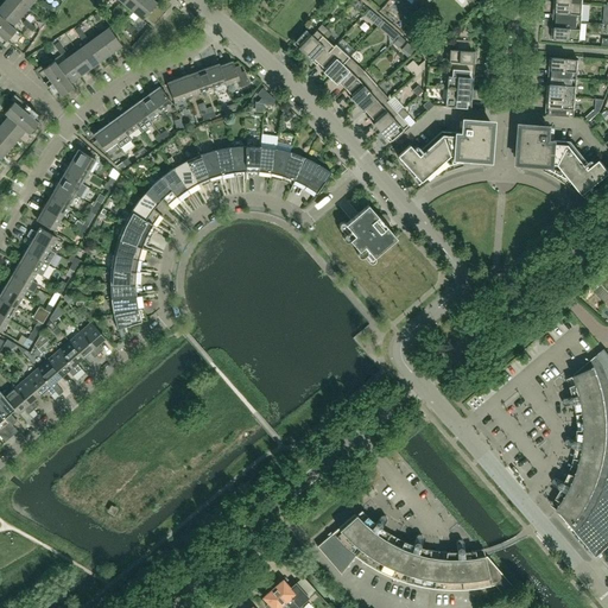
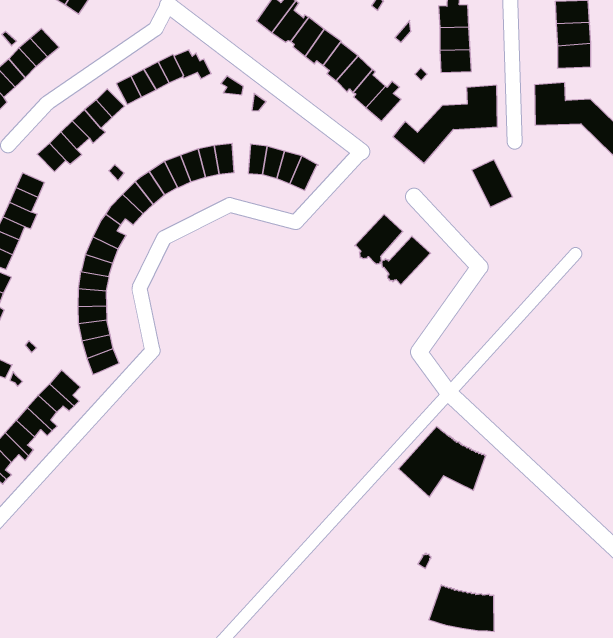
building: [259,134,278,173] -> none
building: none -> [472,160,513,207]
building: [340,205,382,246] -> [382,236,431,285]
building: [317,514,393,574] -> [398,427,486,497]
building: [433,556,513,595] -> none

